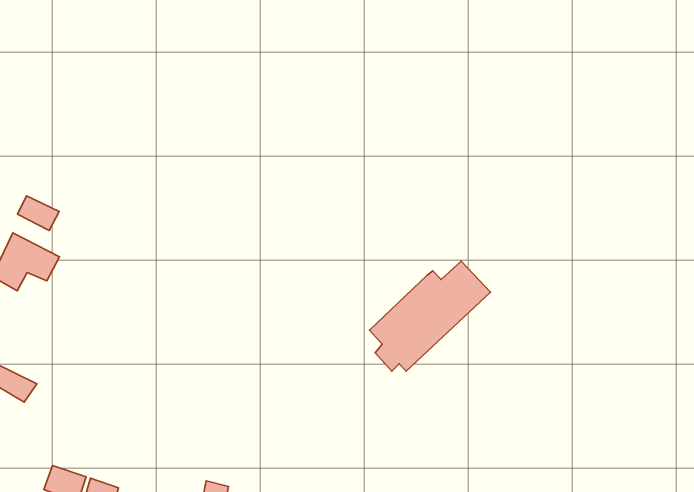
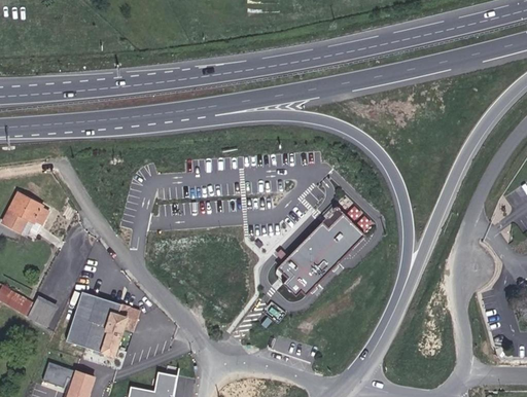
building: [18,196,59,230] -> none
building: none -> [64,291,139,358]

